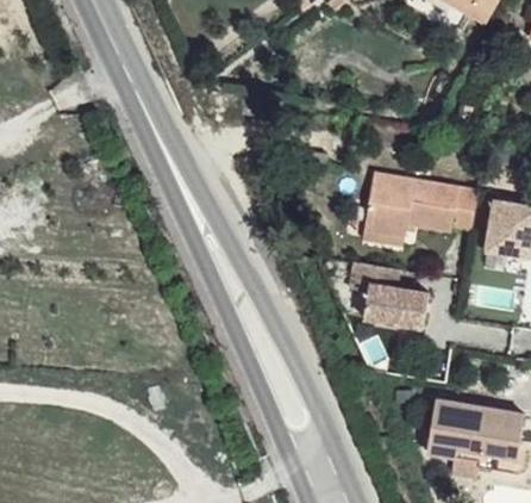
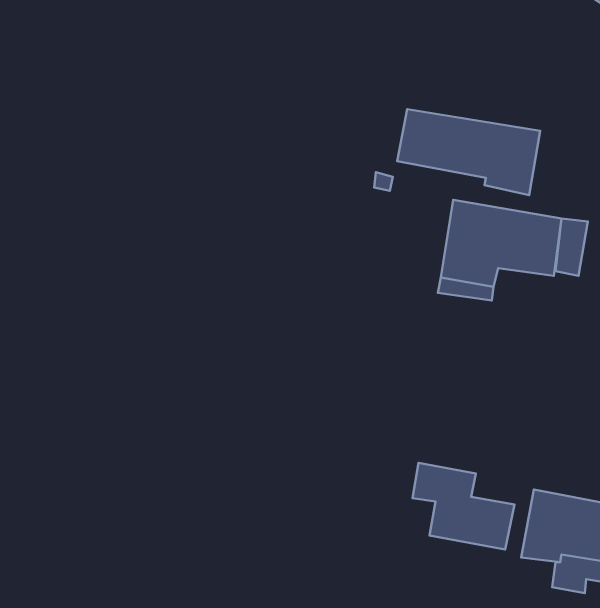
building: none -> [397,109,540,195]
building: [351,260,430,327] -> [412,463,515,549]

